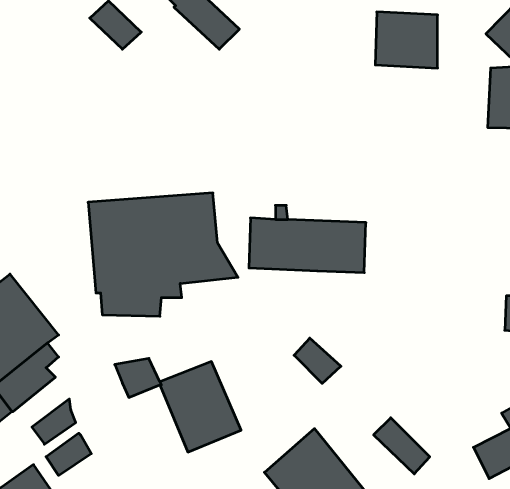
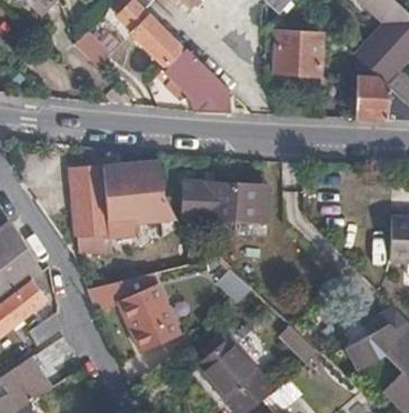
building: none -> [160,46,229,113]

